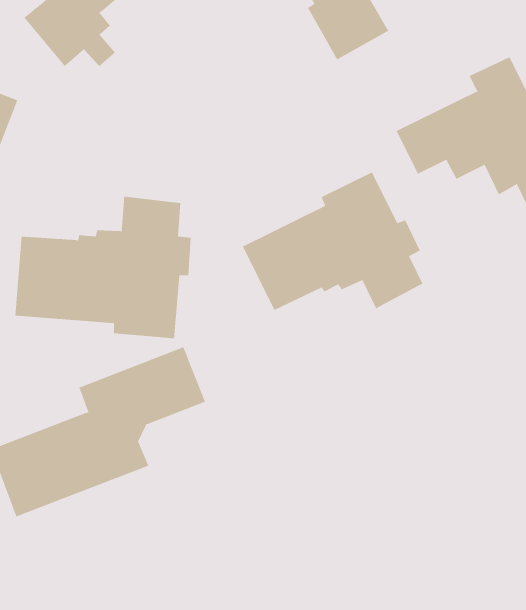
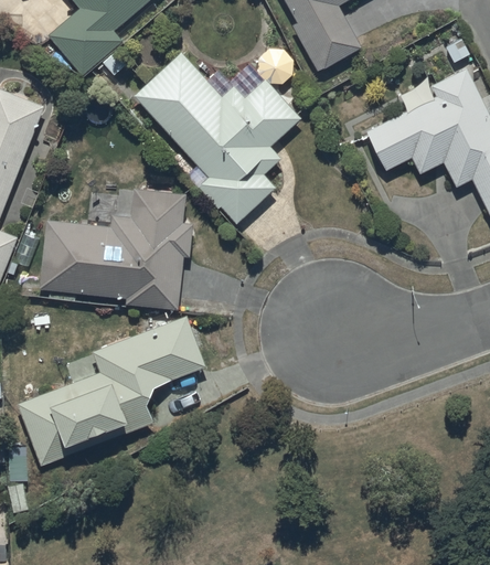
building: none -> [134,49,300,223]
building: [242,171,423,311] -> none

